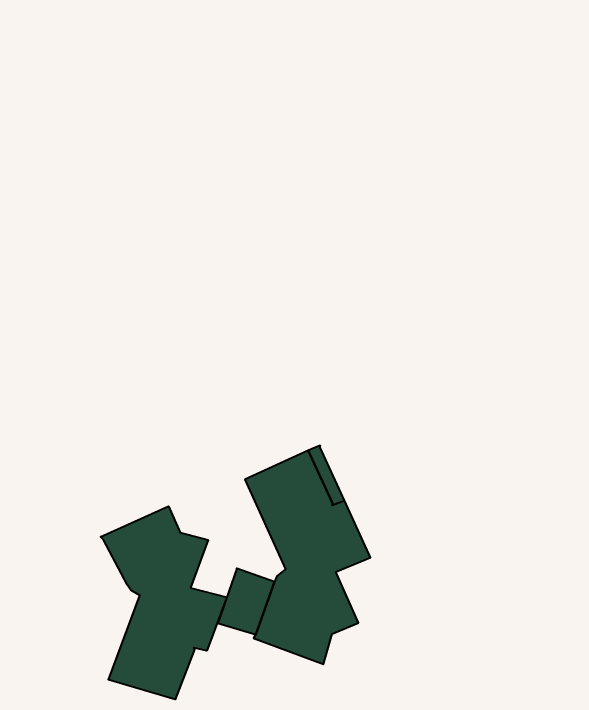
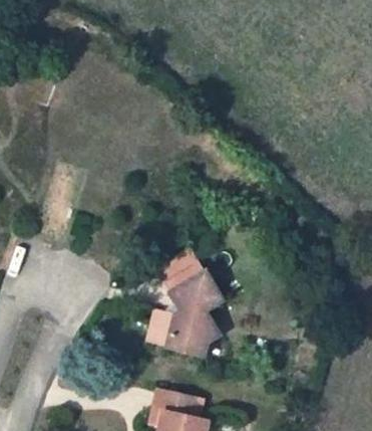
building: [101,506,227,699] -> none

